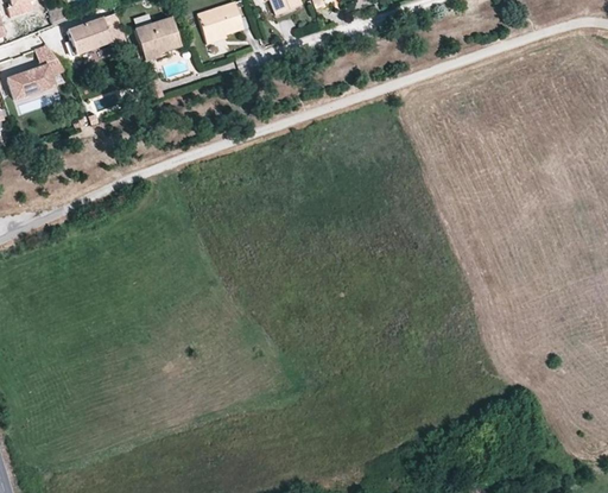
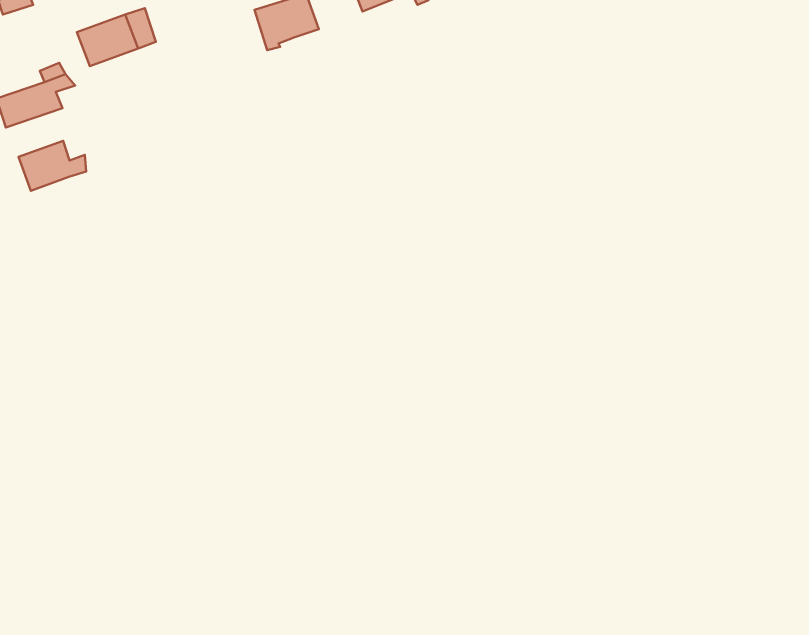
building: [135,17,180,61] -> none
building: none -> [19,141,86,191]

